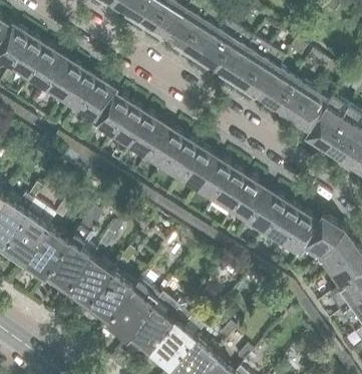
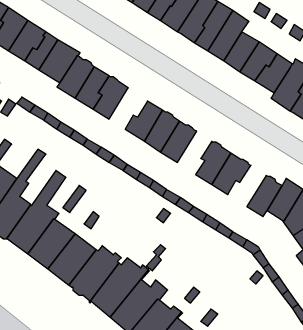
building: [145,125,184,166] -> none
building: [214,168,248,212] -> none
building: [264,203,302,244] -> none

